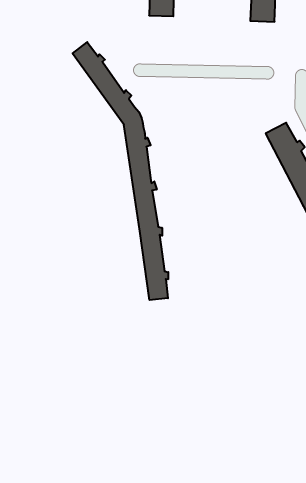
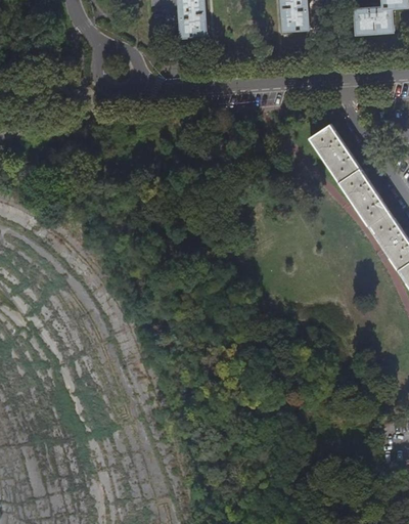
building: [73,42,168,300] -> none

